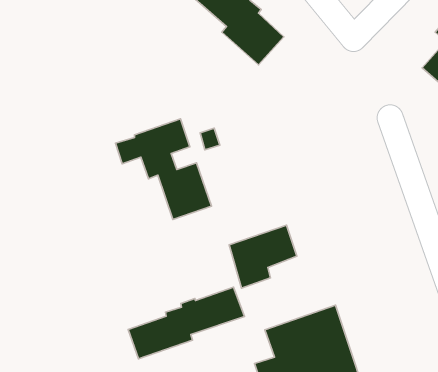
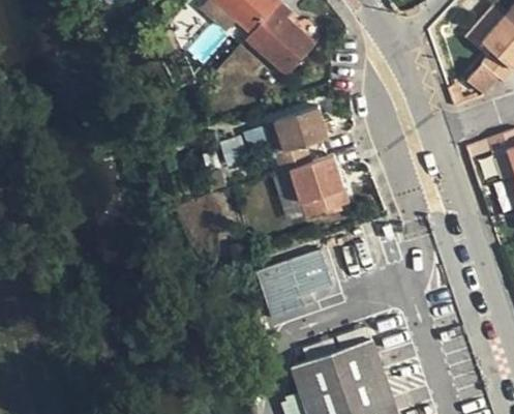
building: [116,119,212,219] -> [245,108,351,218]
building: [128,287,244,359] -> none

